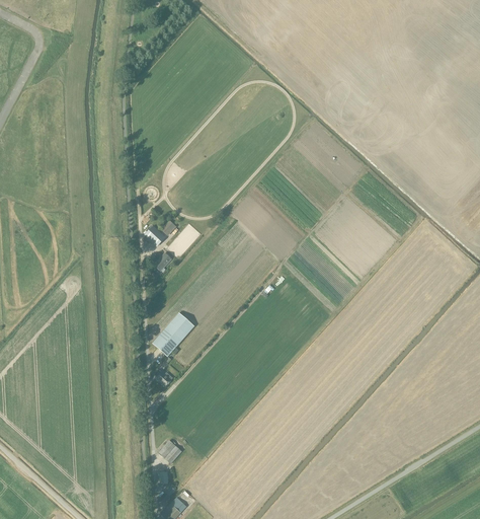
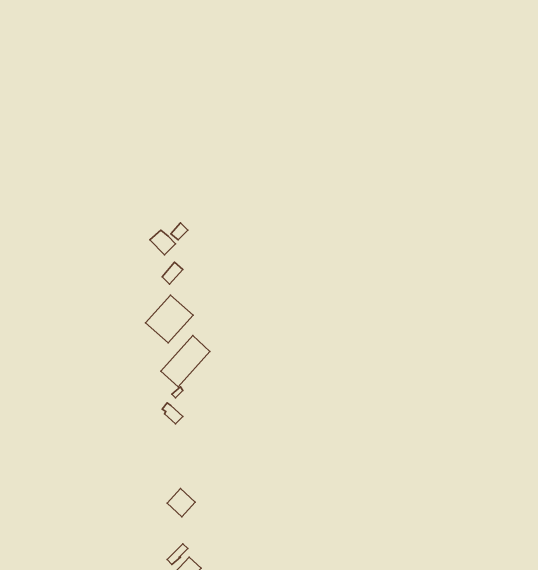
building: none -> [146,295,193,343]

